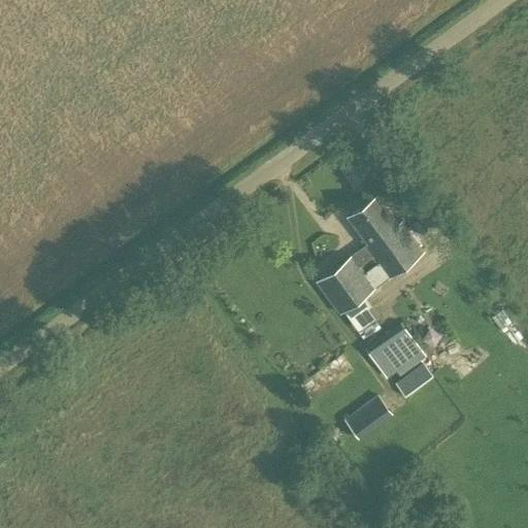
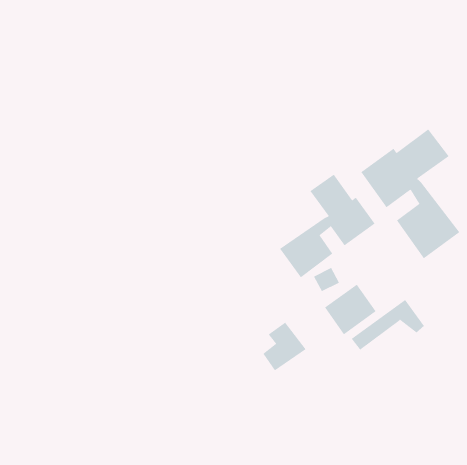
building: none -> [360,128,460,259]
building: [345,386,395,441] -> [262,322,306,371]

